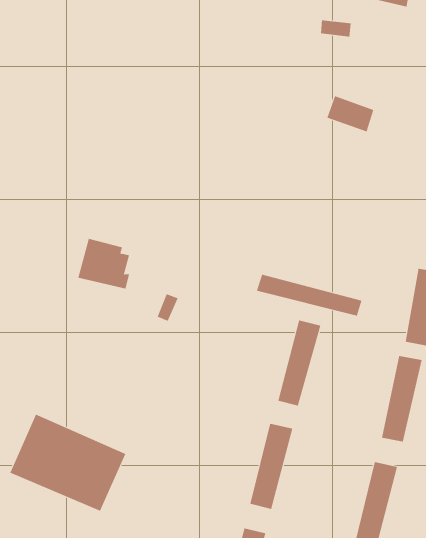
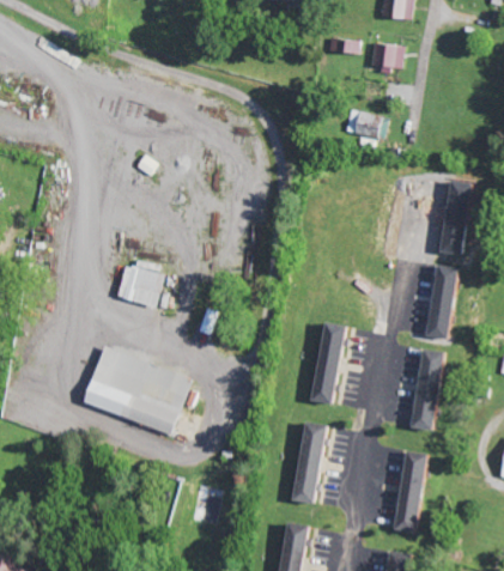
building: none -> [364,42,400,67]
building: [256,274,362,317] -> none
building: [10,414,126,511] -> [81,346,190,433]

